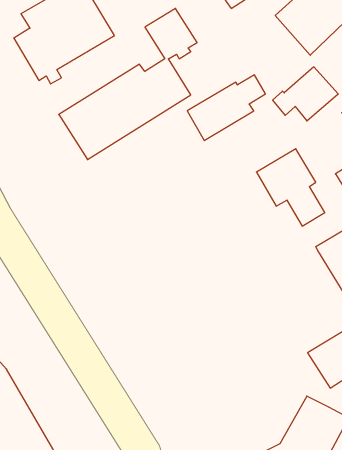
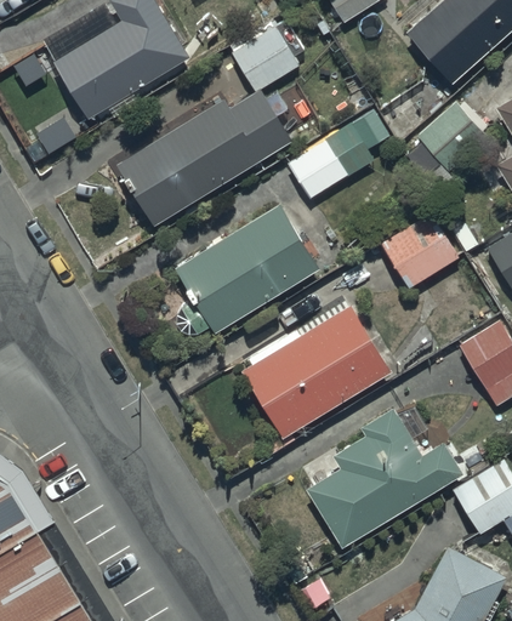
building: none -> [175,203,320,334]
building: none -> [241,303,393,455]
building: none -> [306,410,465,546]

